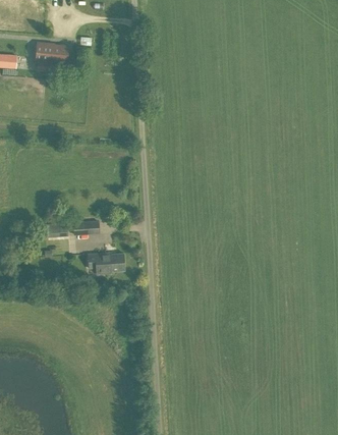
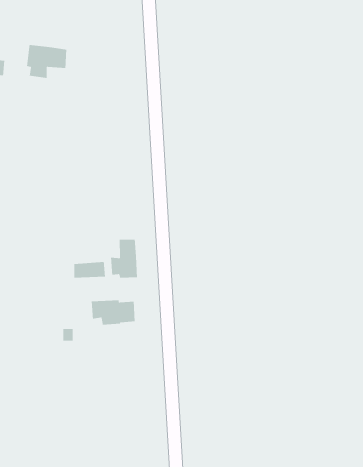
building: none -> [110,239,138,279]

